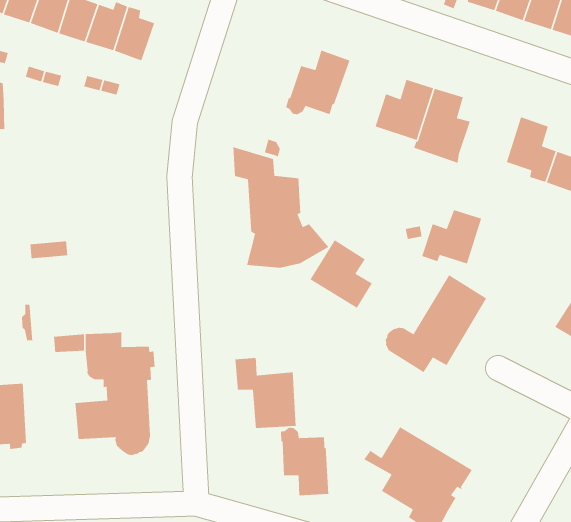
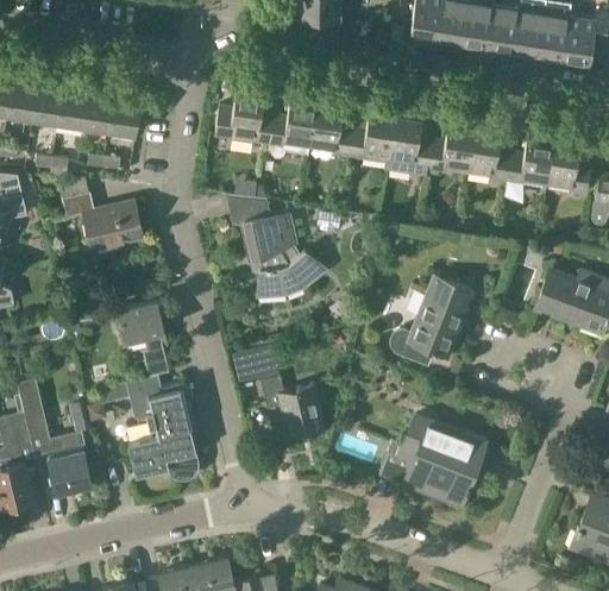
building: none -> [214,92,275,146]
building: none -> [310,105,353,159]
building: none -> [63,194,144,252]
building: [421,209,482,265] -> [427,125,475,174]
building: [310,239,373,309] -> none
building: none -> [117,302,168,378]
building: none -> [232,345,280,383]
building: [280,427,329,496] -> none

